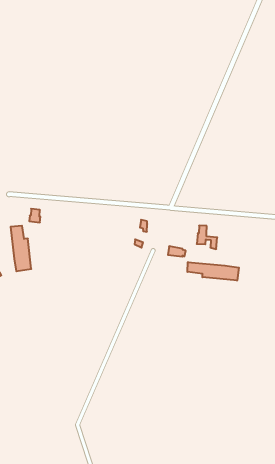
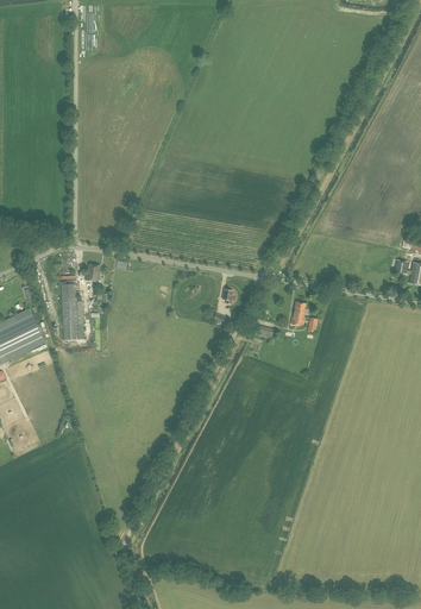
building: [187,262,239,281] -> none

